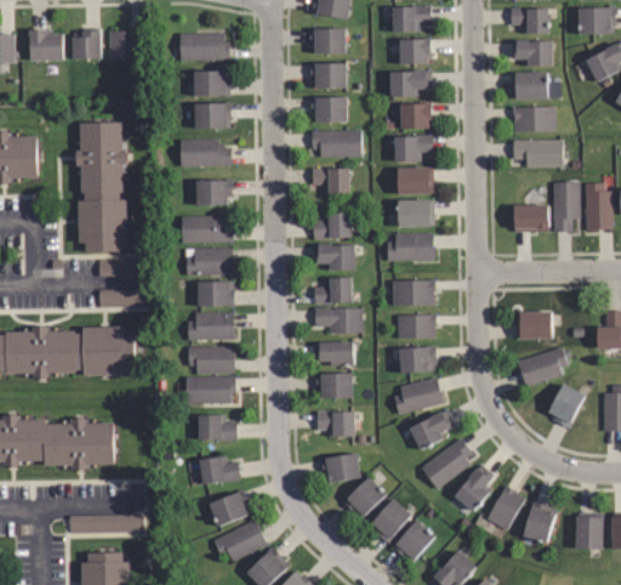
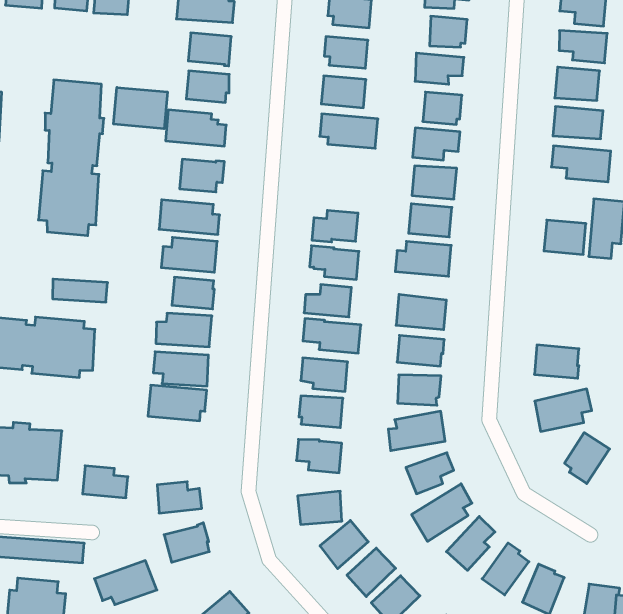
building: none -> [114,87,167,129]
building: [313,167,351,192] -> none
building: [200,415,238,439] -> [83,466,128,498]
building: [212,521,267,561] -> [94,561,157,605]

